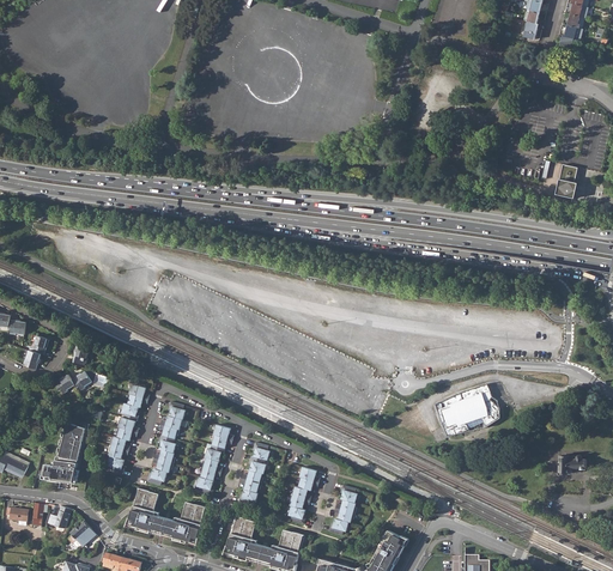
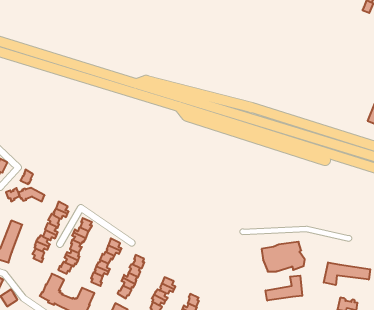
building: none -> [324,262,370,285]
building: none -> [266,276,302,301]

